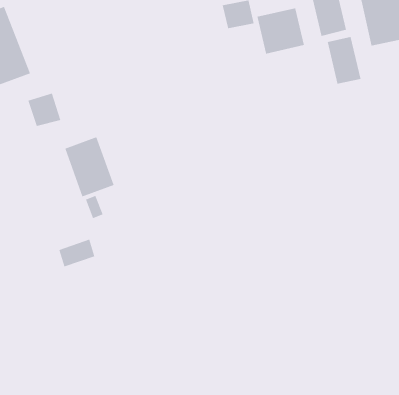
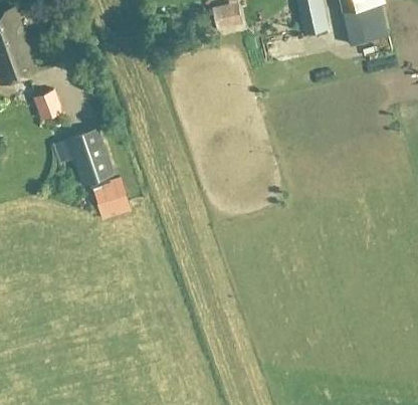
building: [257,7,305,54] -> none
building: [327,36,361,85] -> none
building: [58,239,95,267] -> [97,193,132,219]

